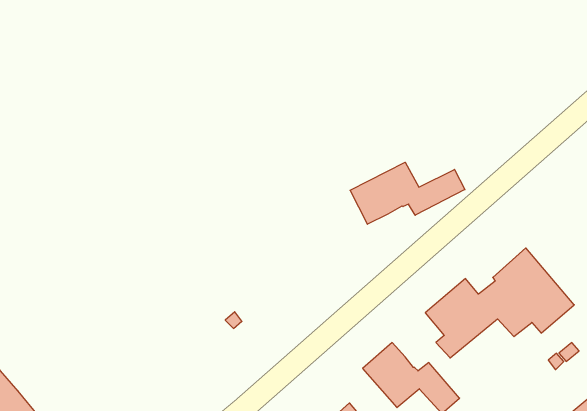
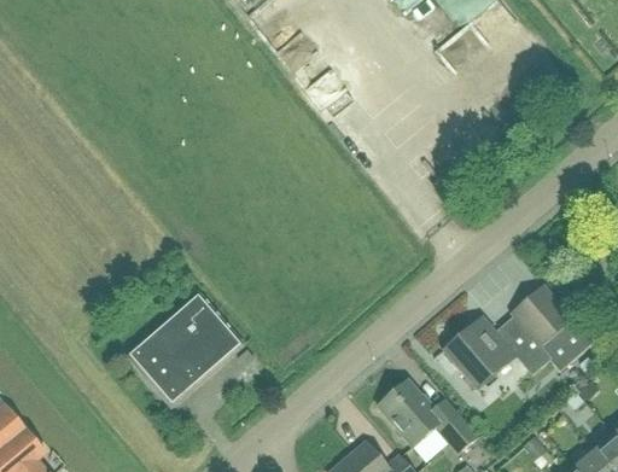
building: [350,162,465,224] -> none
building: none -> [127,292,243,404]

